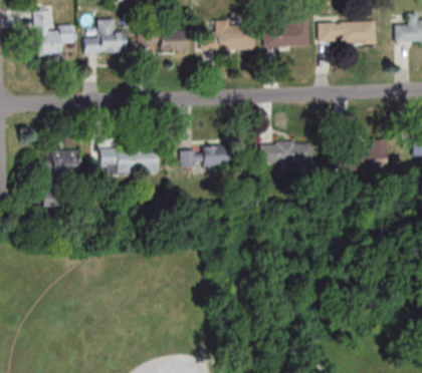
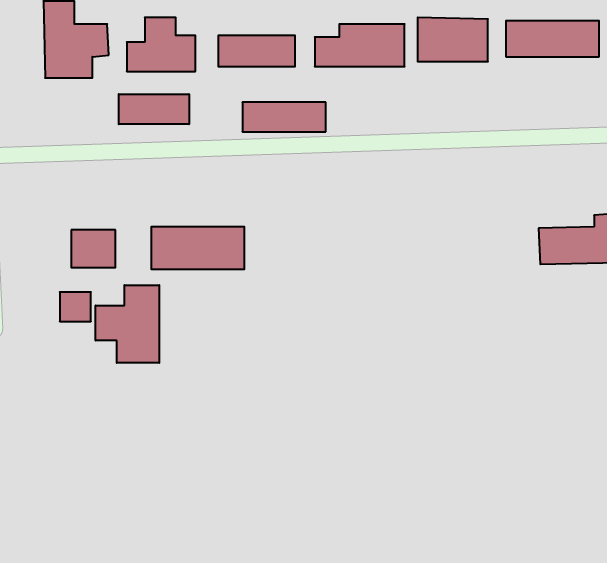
building: none -> [119,94,189,124]
building: [260,142,313,170] -> none
building: [179,148,230,166] -> [242,102,326,132]
building: none -> [96,285,159,363]

